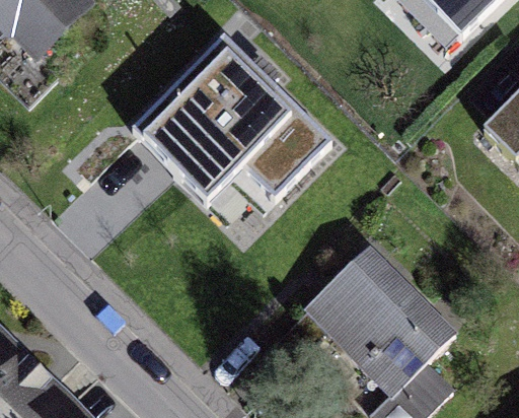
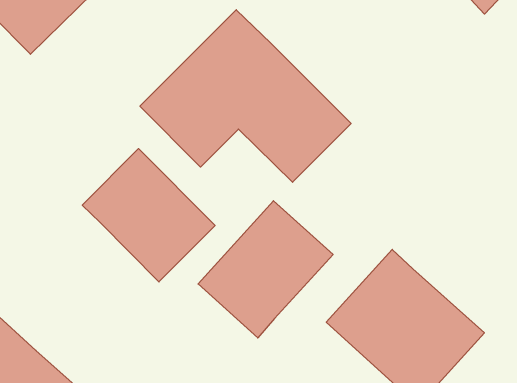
building: none -> [82,149,215,282]
building: none -> [198,201,333,338]

